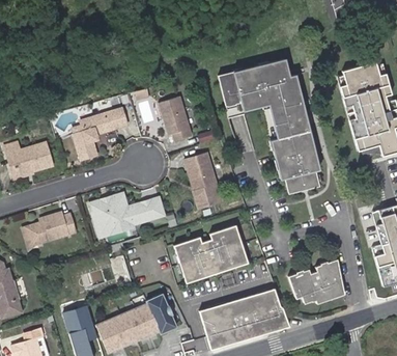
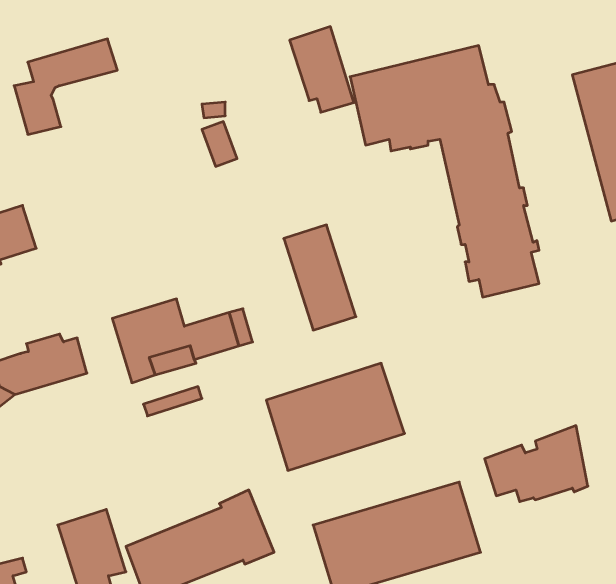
building: [157,95,191,141] -> [290,27,354,112]
building: [70,109,125,160] -> [14,39,117,134]

